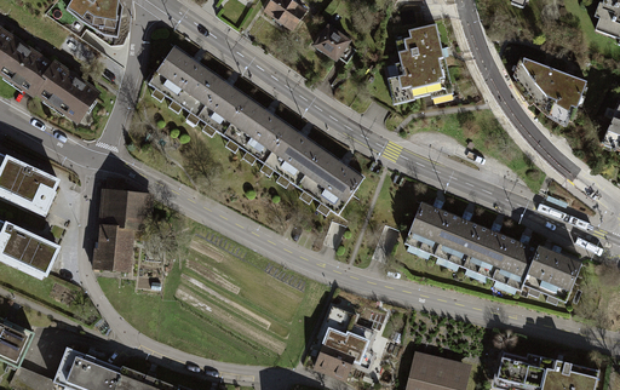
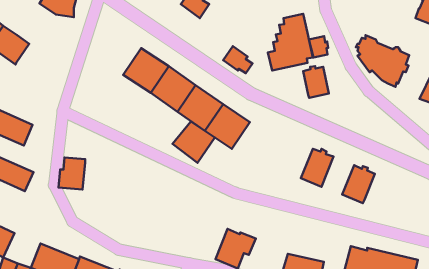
building: [315,25,356,63] -> [223,46,253,73]
building: [147,45,209,109] -> none
building: none -> [309,36,328,57]
building: [34,62,98,122] -> none
building: none -> [303,66,329,98]
building: none -> [172,121,215,163]
building: [102,179,149,234] -> none
building: [404,202,450,254] -> none
building: [463,224,509,277] -> none
building: [523,245,581,302] -> none

